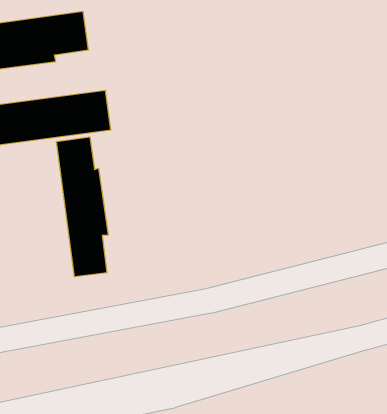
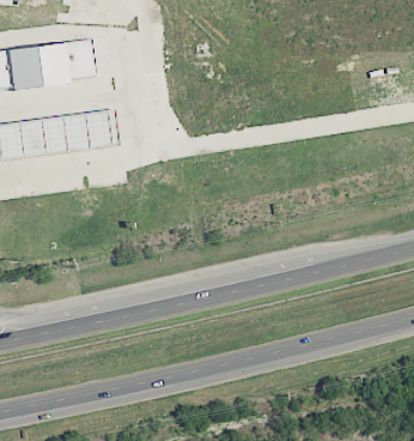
building: [56,137,108,277] -> none

